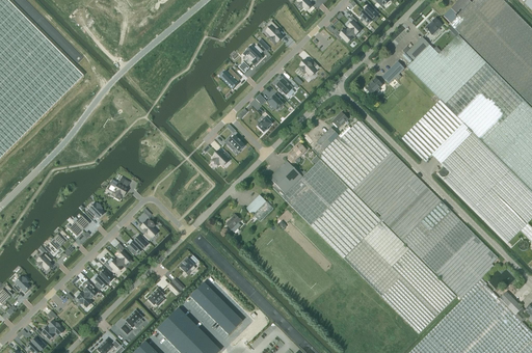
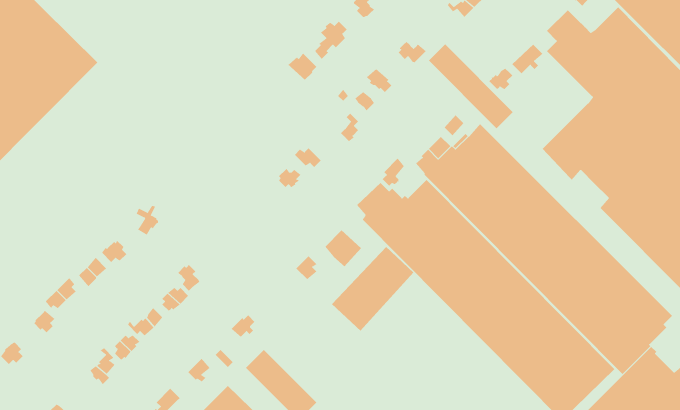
building: none -> [428,43,514,129]
building: none -> [331,246,414,331]

